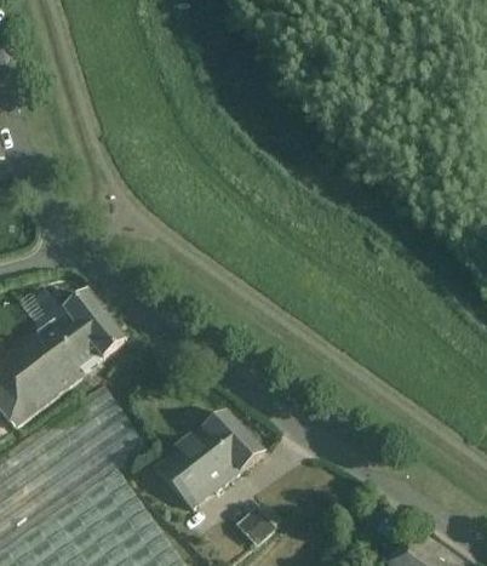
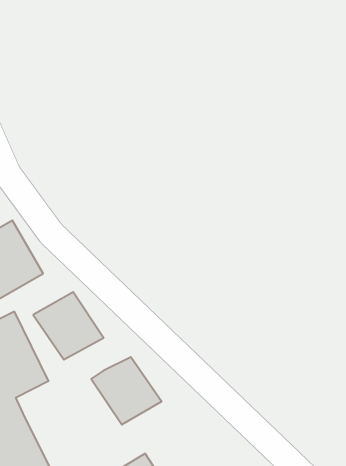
building: [154,440,228,509] -> [33,292,104,360]

